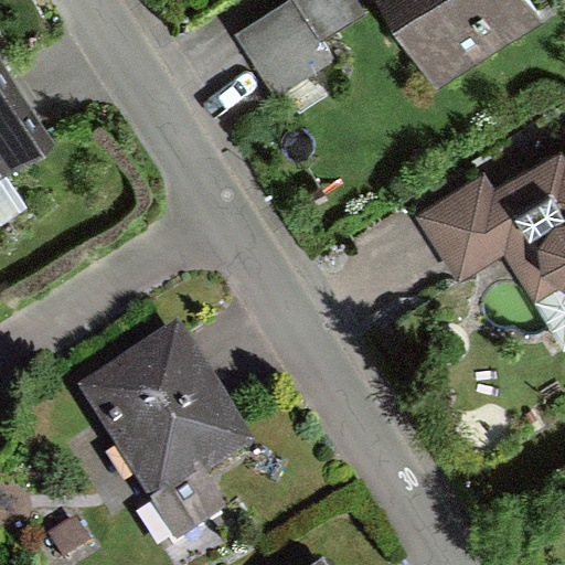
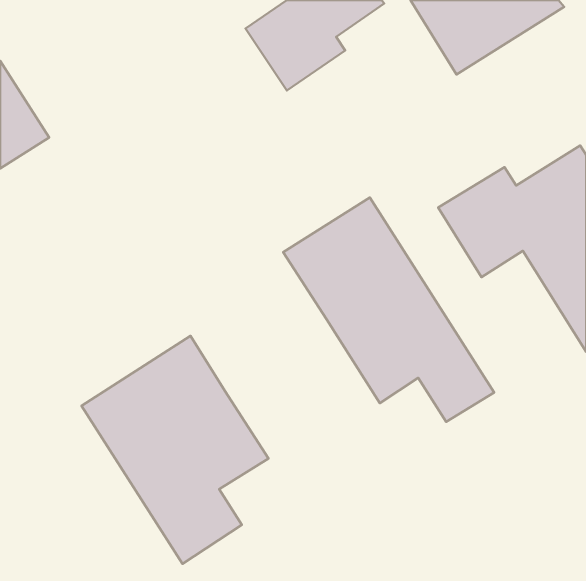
building: none -> [283,197,494,422]

